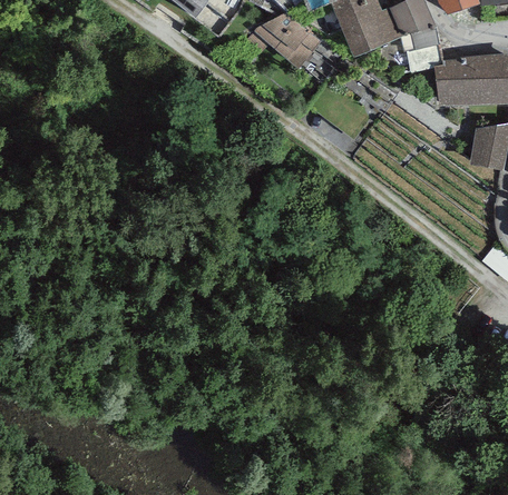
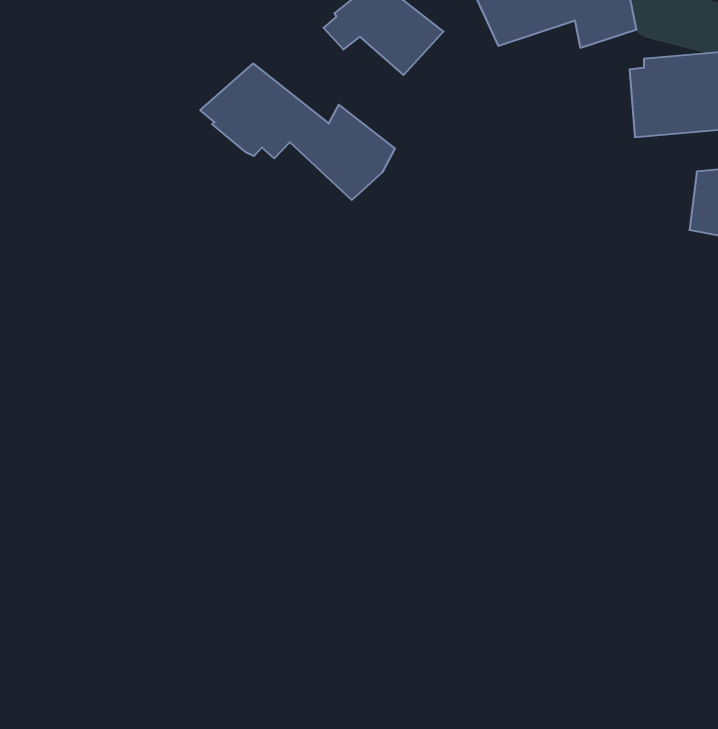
building: none -> [200,64,395,200]

